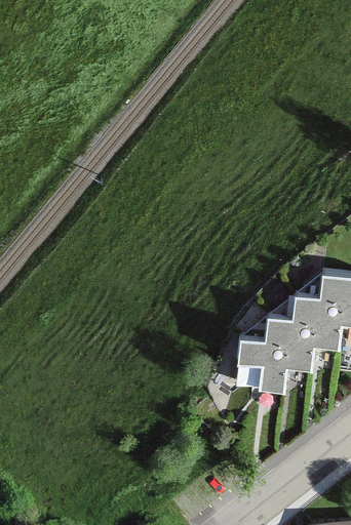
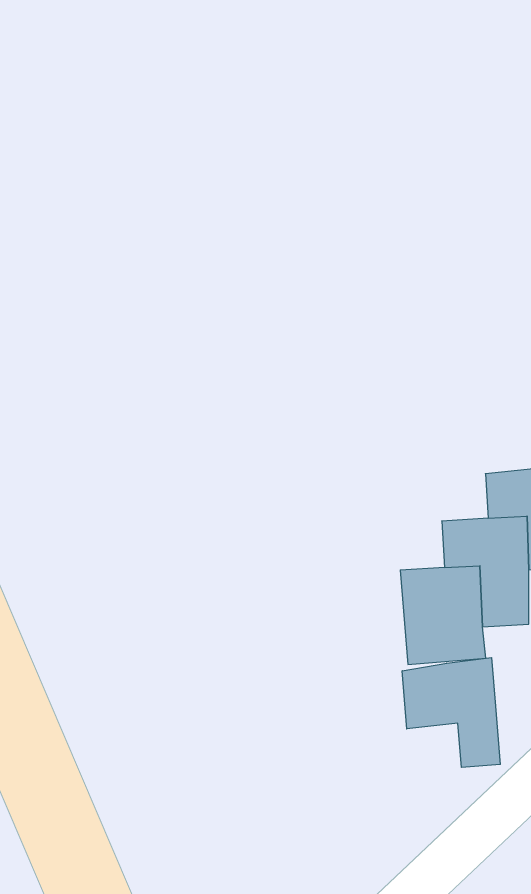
building: none -> [402,658,500,767]

